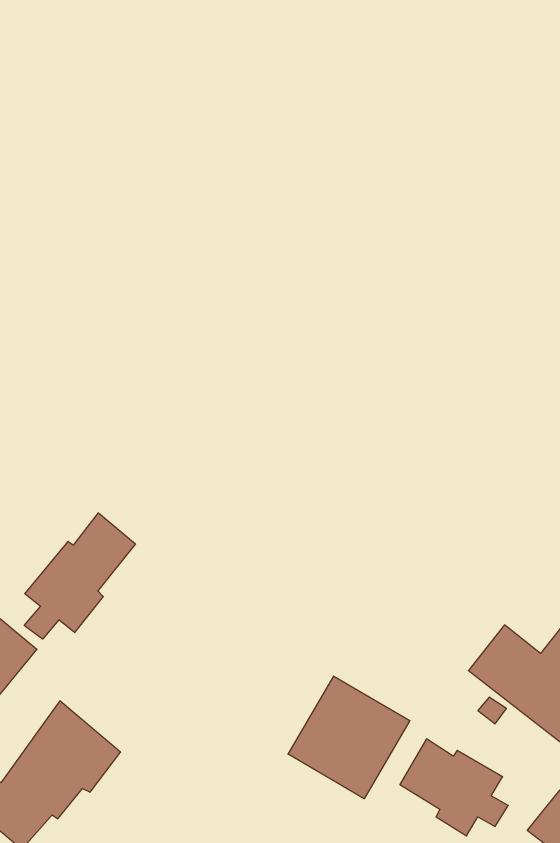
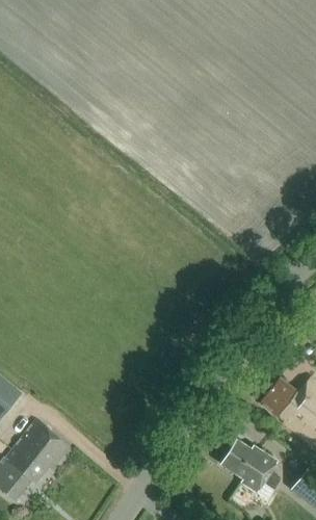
building: [24,513,135,639] -> none
building: [288,676,410,799] -> none

